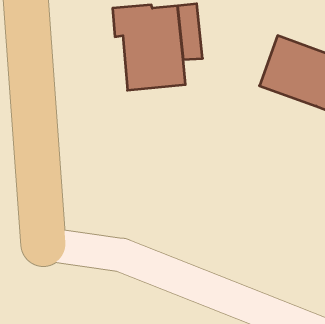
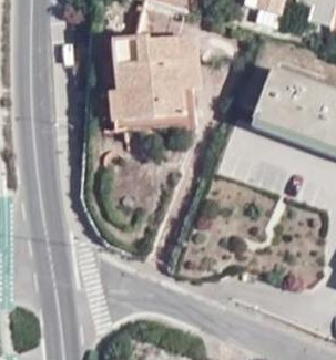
building: none -> [116,68,186,130]

